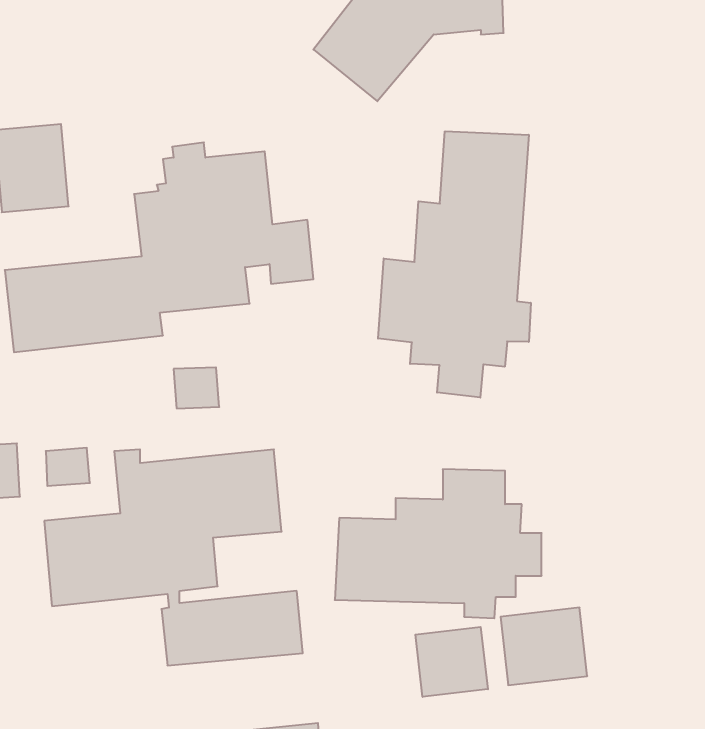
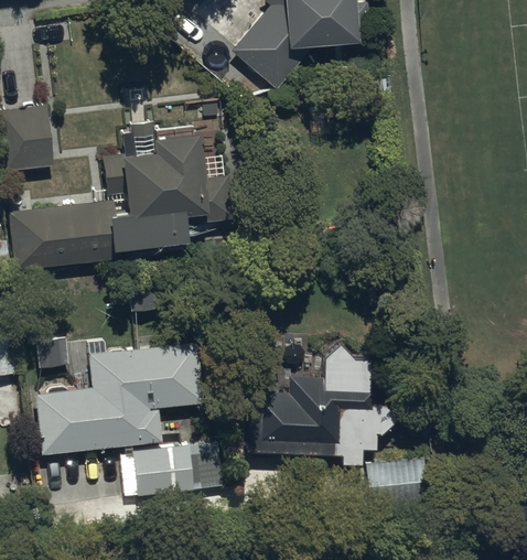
building: [378,131,531,398] -> none
building: [415,627,488,697] -> none

